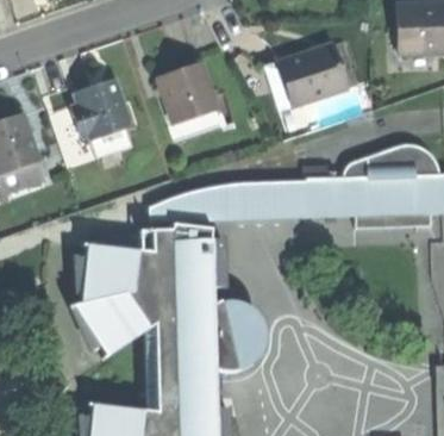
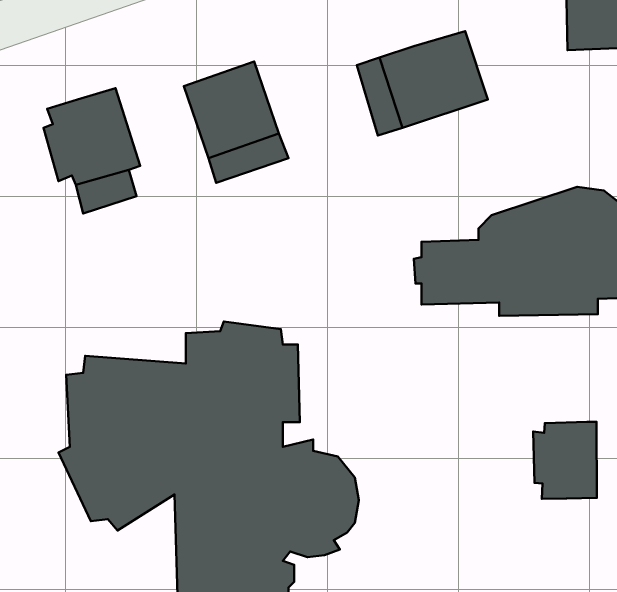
building: [150,175,305,216] -> none
building: none -> [533,422,597,499]

